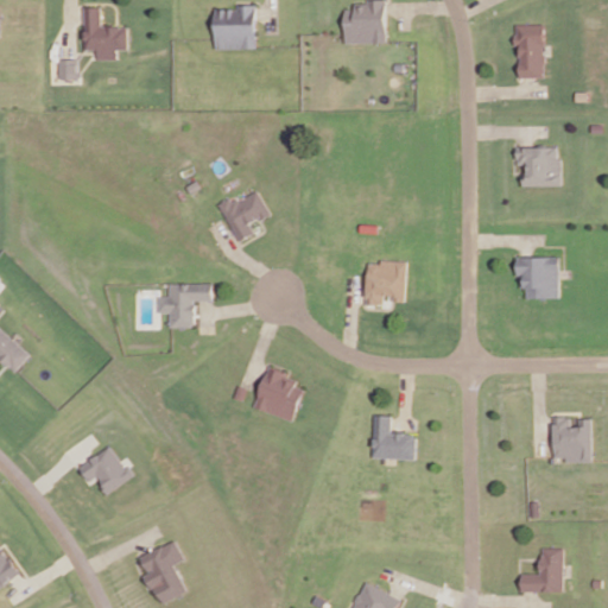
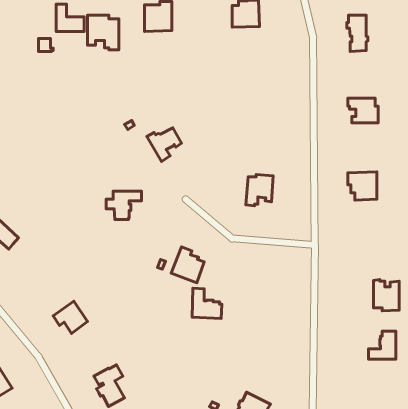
building: none -> [87,15,119,50]
building: [370,414,414,460] -> [192,288,222,319]
building: [521,549,562,590] -> [368,331,396,359]

